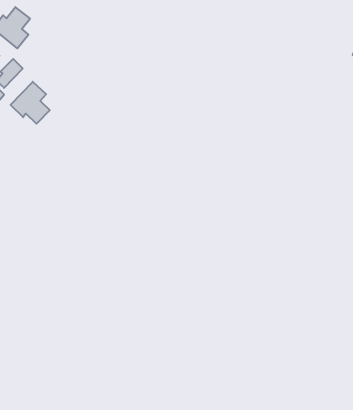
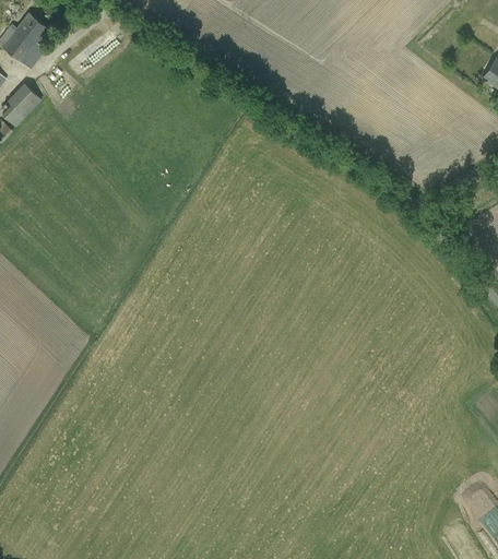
building: [11,82,50,124] -> none

